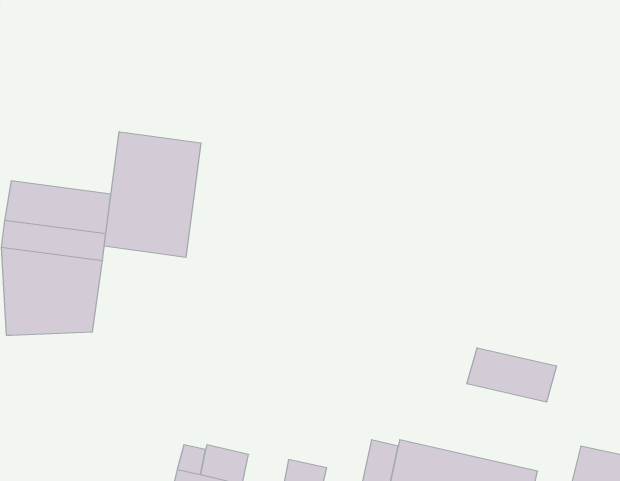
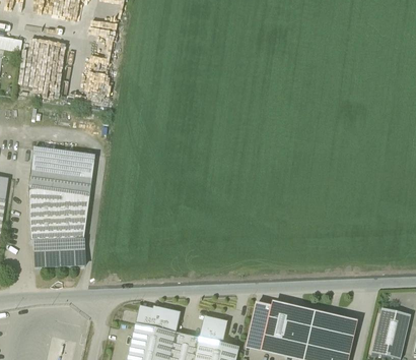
building: [104,132,201,257] -> none
building: none -> [33,238,84,265]
building: [467,348,557,402] -> none

